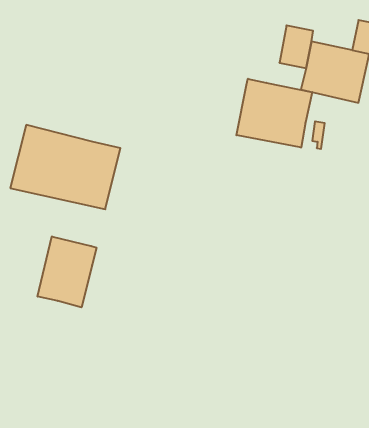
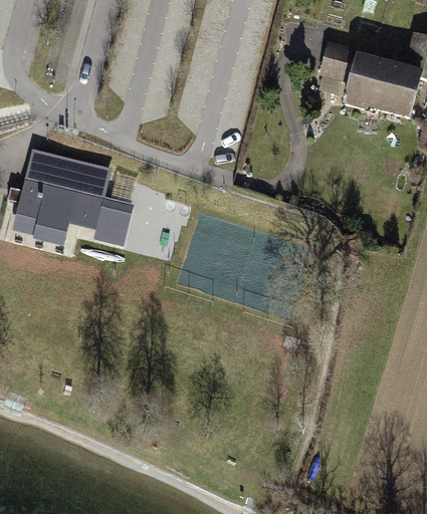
building: [236,79,312,148] -> none
building: [38,236,96,307] -> none

